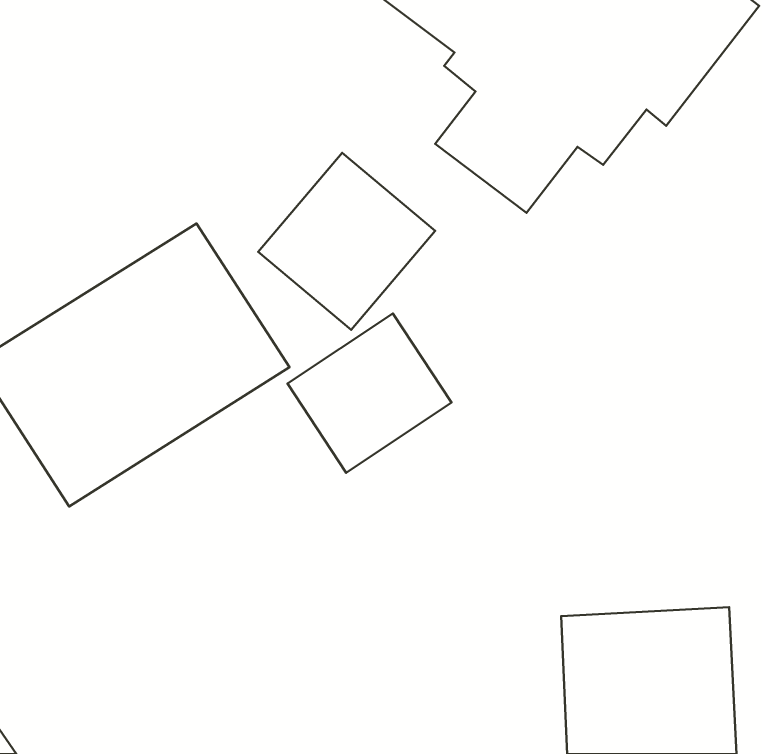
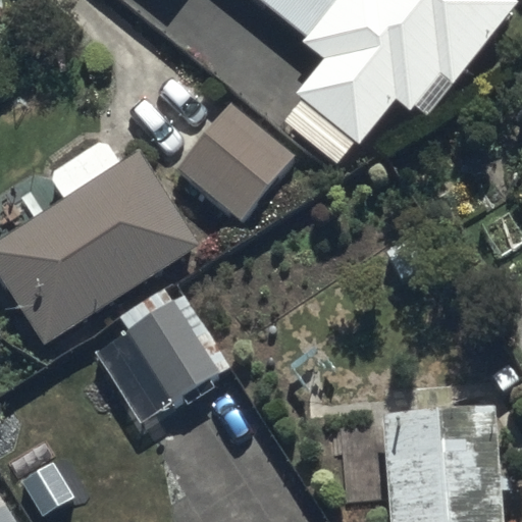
building: [287,313,451,473] -> none
building: none -> [86,291,220,425]

